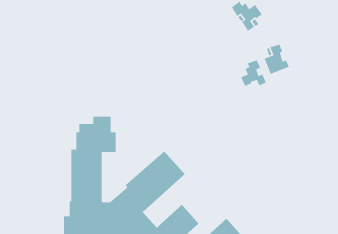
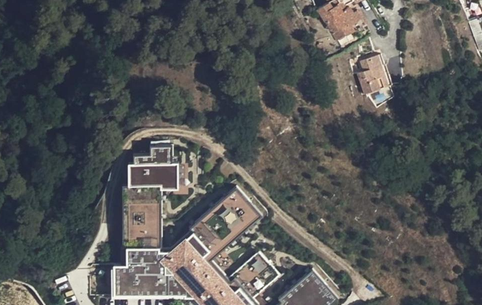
building: [240,59,267,87] -> none

